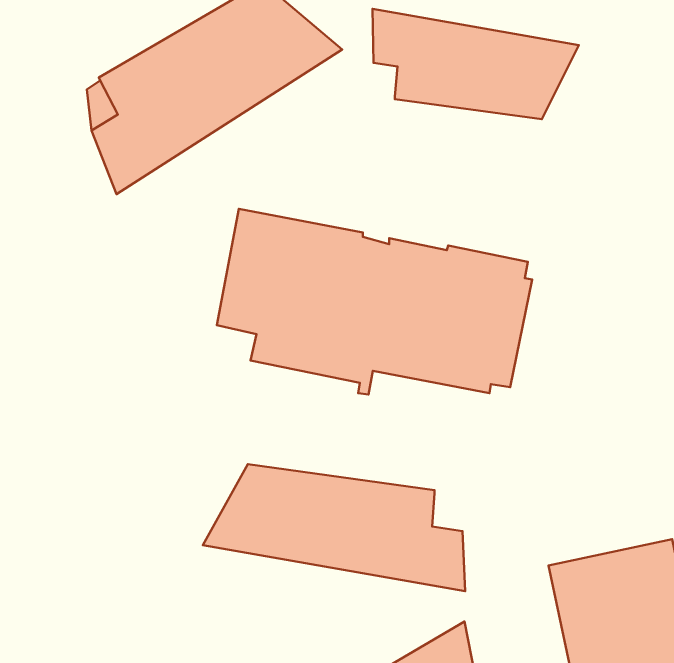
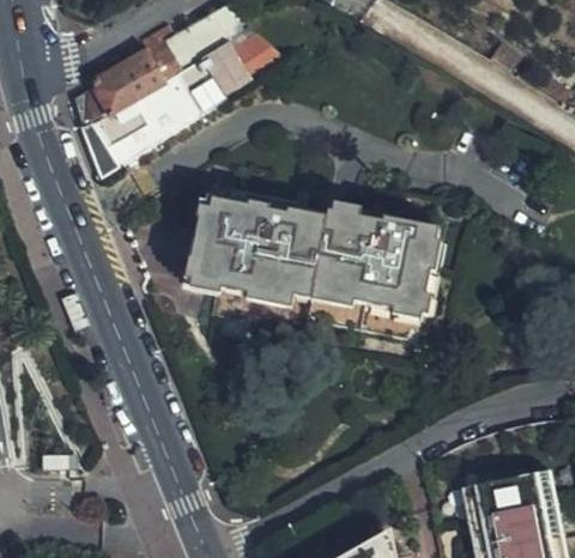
building: [373,9,579,119] -> none
building: [203,464,465,591] -> none

